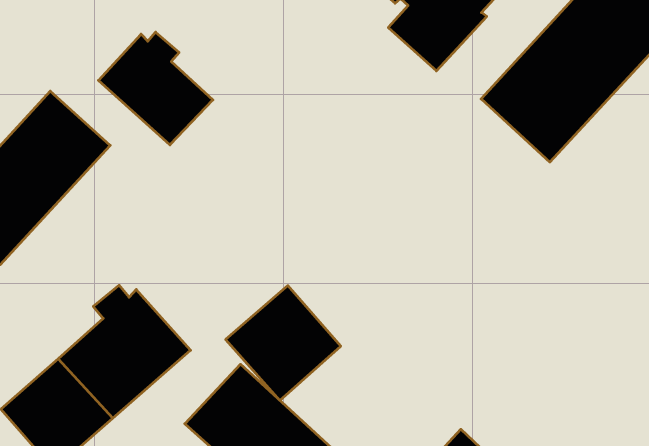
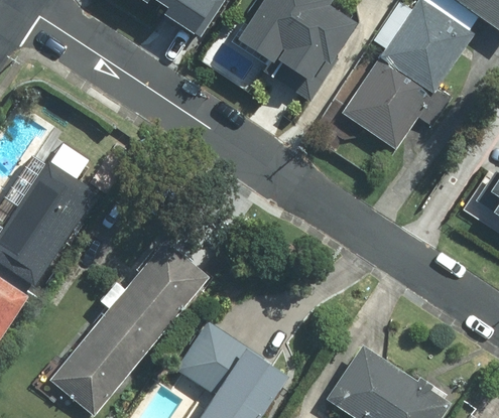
building: [98,32,213,145] -> none
building: [226,286,341,400] -> [129,239,208,317]

